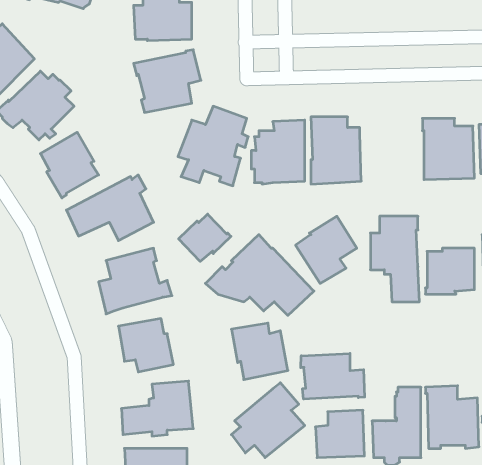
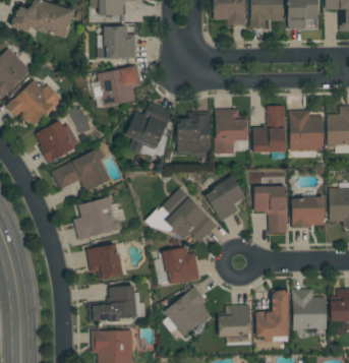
building: none -> [252,106,285,153]
building: [179,214,231,261] -> none
building: [301,353,365,399] -> none

